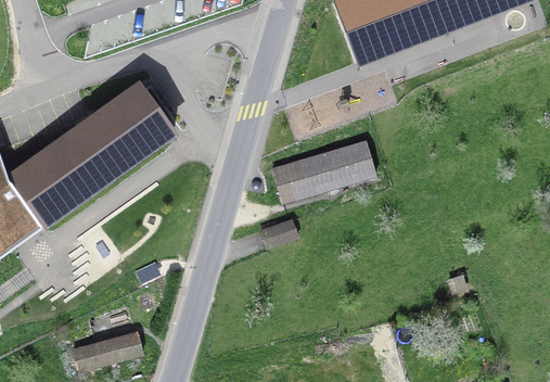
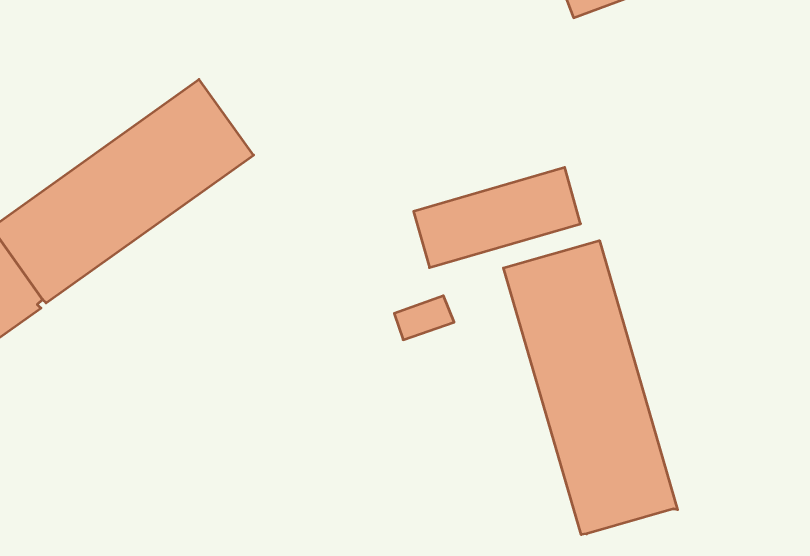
building: none -> [503,241,678,535]
building: [73,333,142,372] -> none

